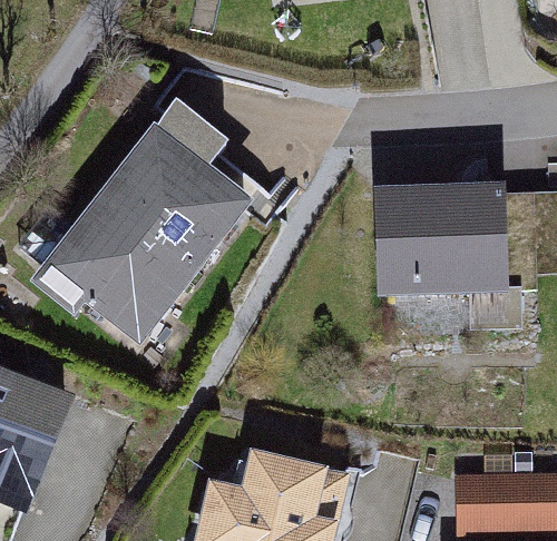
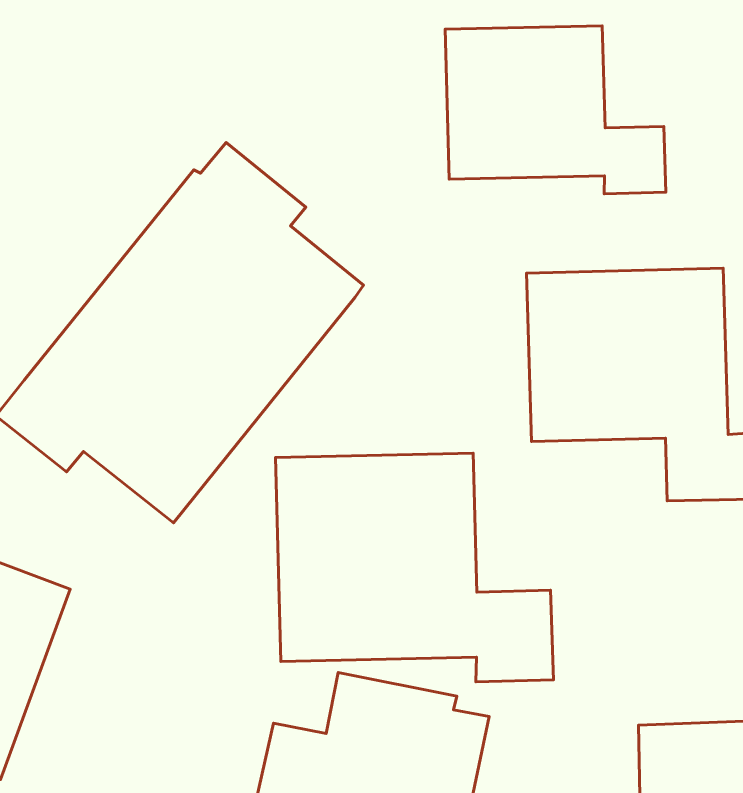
building: none -> [445,26,666,194]
building: none -> [276,453,553,682]

